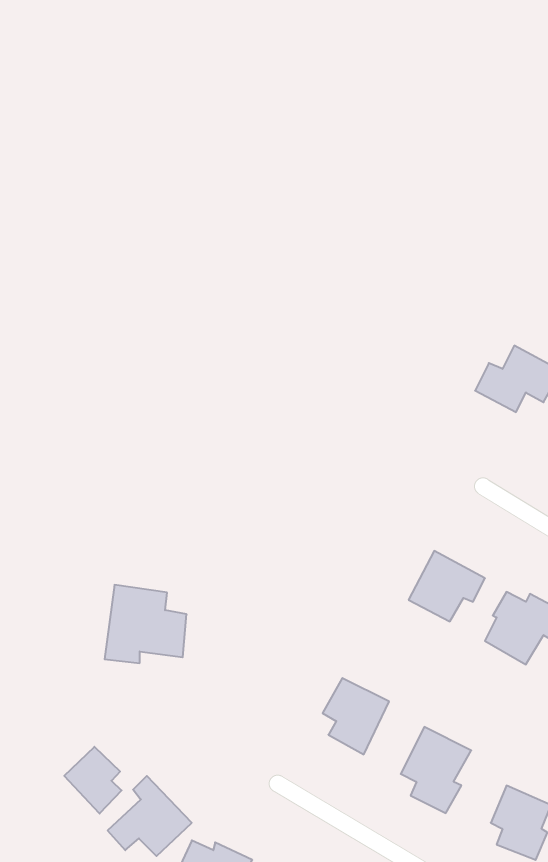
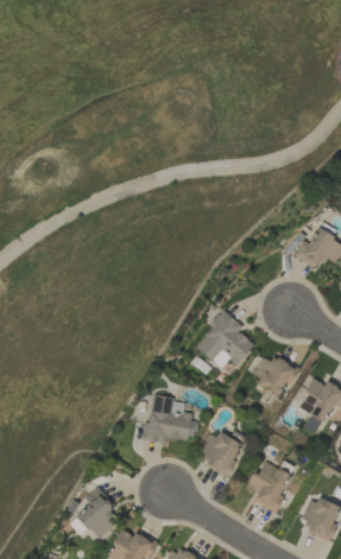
building: none -> [197,310,255,368]
building: [105,585,187,663] -> [146,396,196,444]
building: [64,747,122,814] -> none

